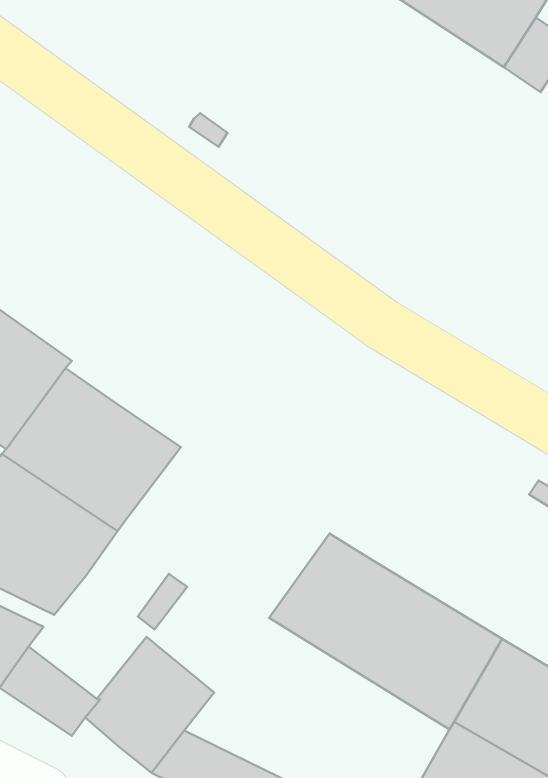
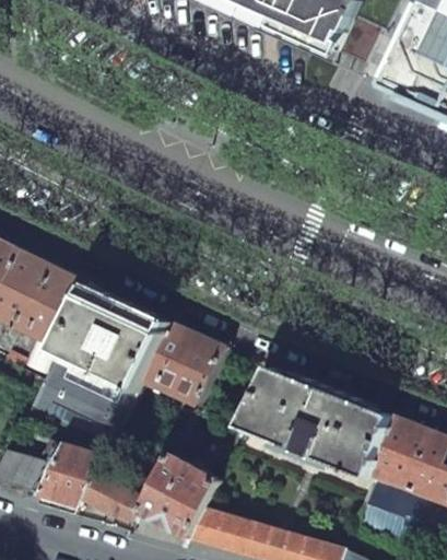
building: none -> [141,322,225,406]

